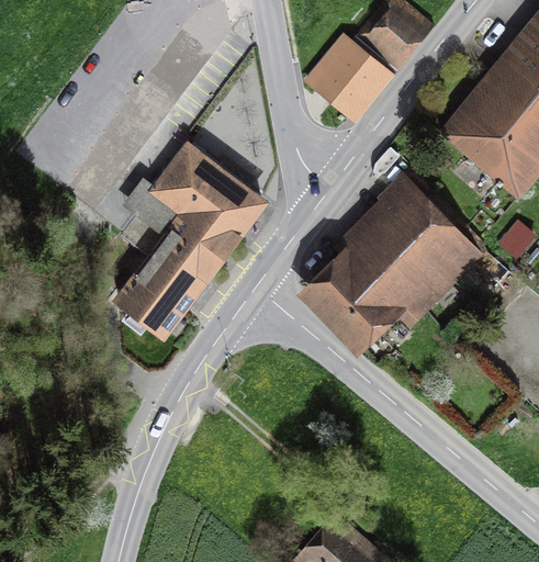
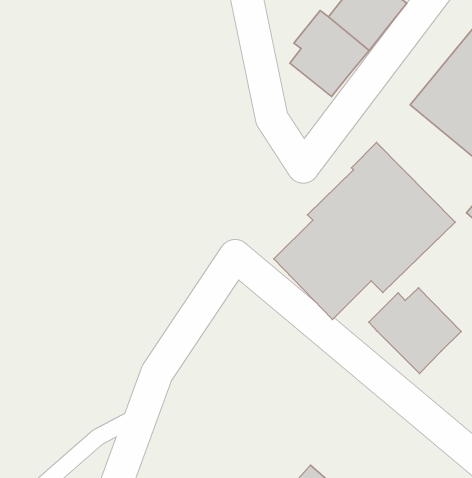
building: [104,139,270,339] -> none
building: none -> [369,288,461,373]

